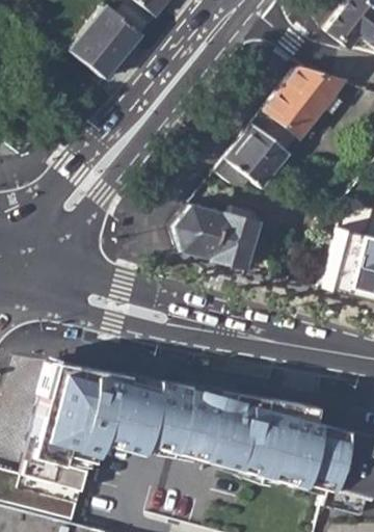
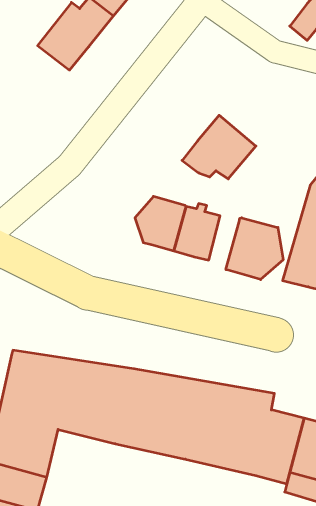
building: [266,68,348,138] -> none
building: none -> [226,218,283,280]

